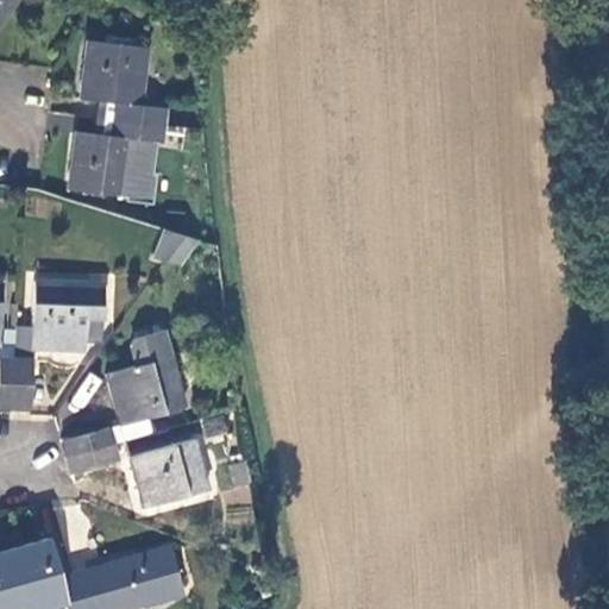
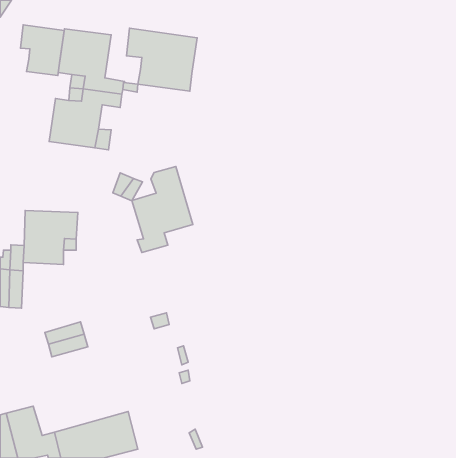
building: none -> [21,25,64,75]
building: none -> [127,28,197,91]
building: [106,328,187,442] -> [132,166,193,252]
building: [131,439,209,508] -> none

